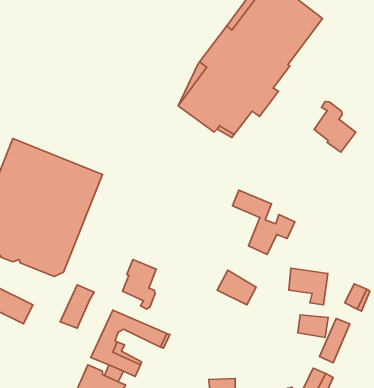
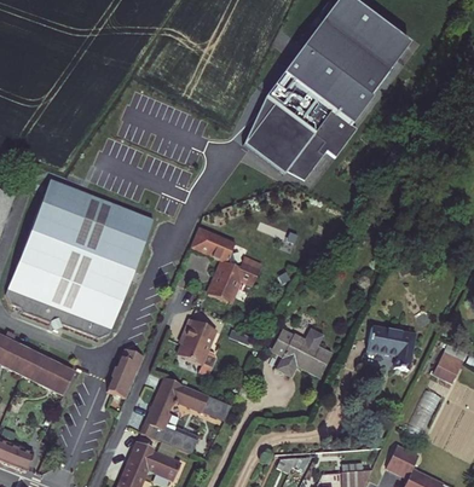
building: [314,101,356,152] -> none
building: [233,190,295,254] -> [192,228,264,302]
building: [298,315,328,338] -> none

